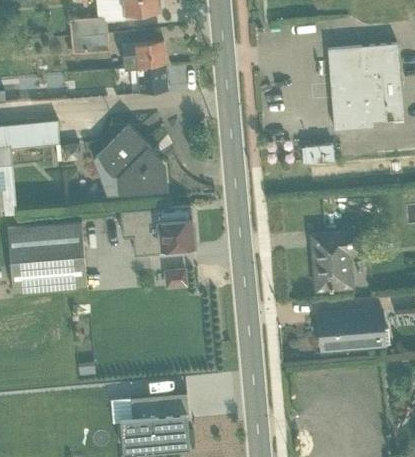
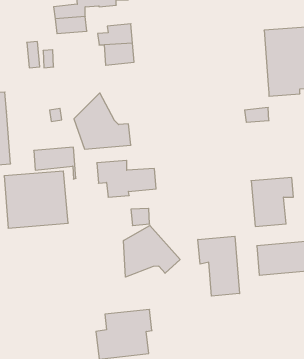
building: [8,121,60,160] -> [34,147,76,179]
building: none -> [124,225,180,277]
building: none -> [198,236,240,296]

